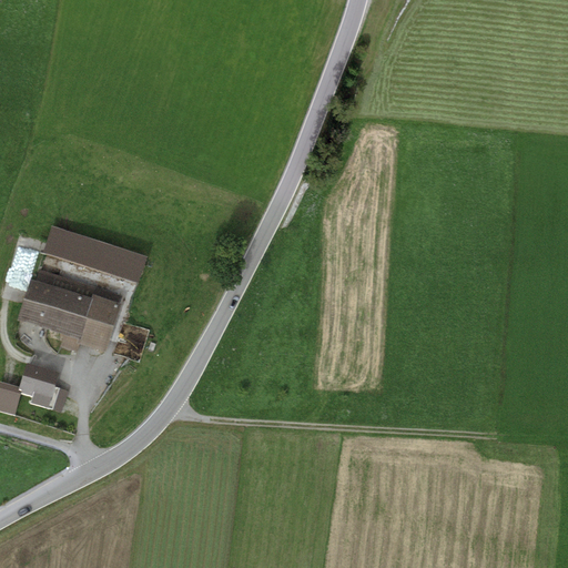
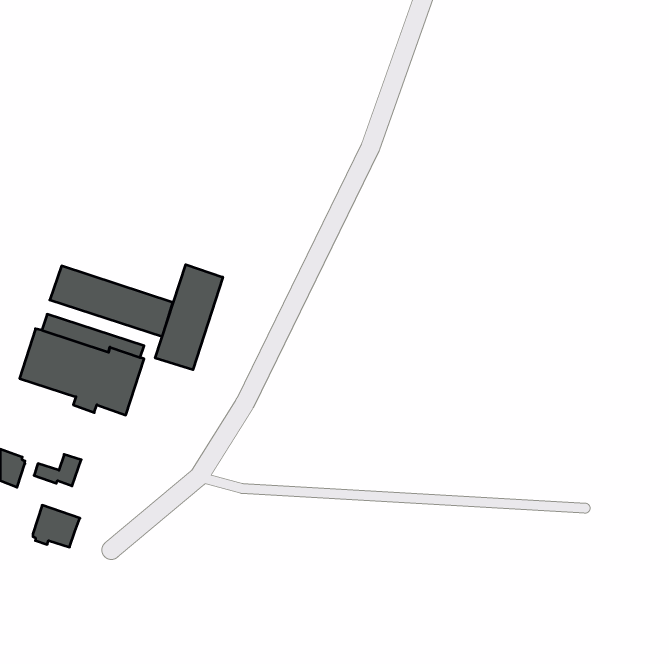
building: none -> [155,265,223,370]
building: [19,363,59,398] -> [33,505,80,547]

